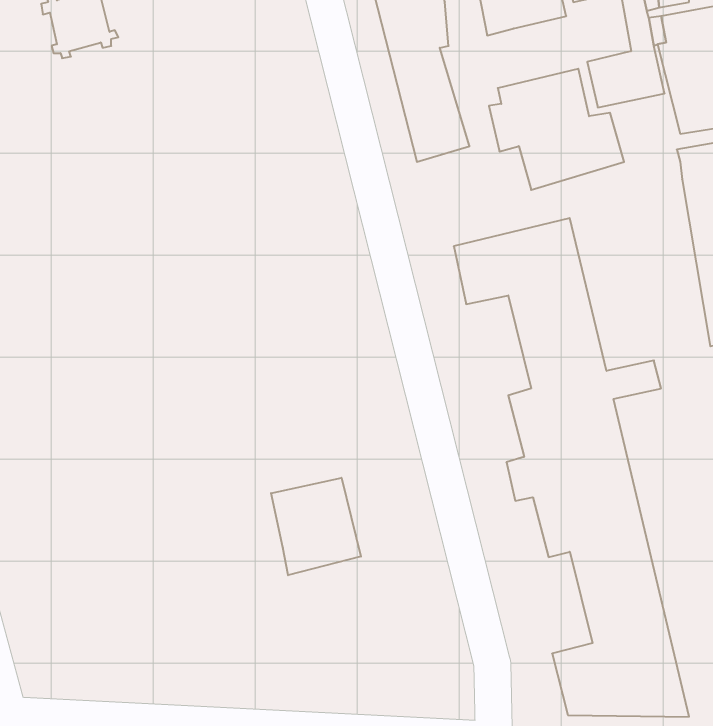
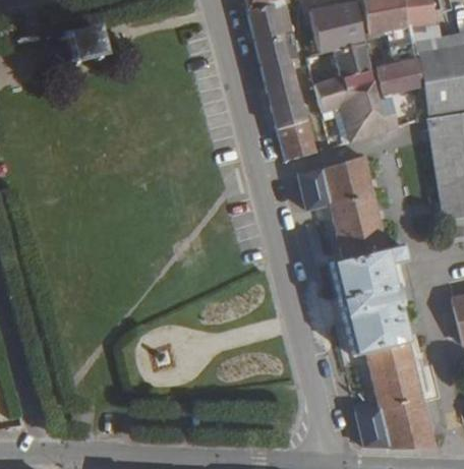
building: none -> [312,41,370,84]
building: none -> [277,116,316,159]
building: [271,478,361,575] -> none

